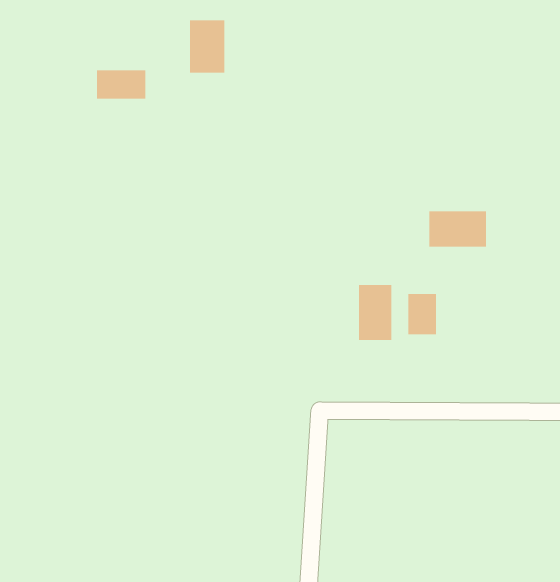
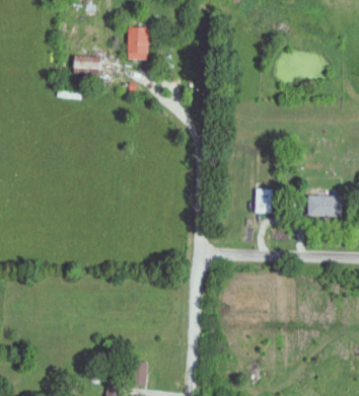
building: [428,211,487,247] -> [307,195,342,217]
building: [359,284,392,341] -> none

